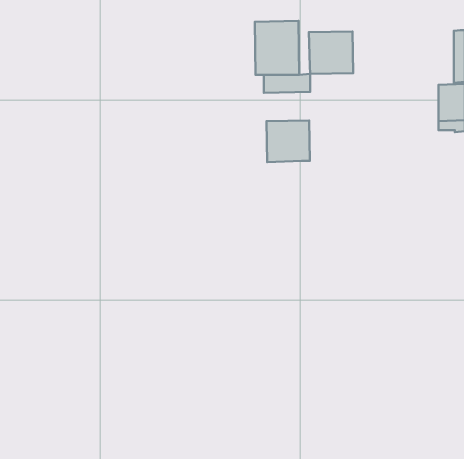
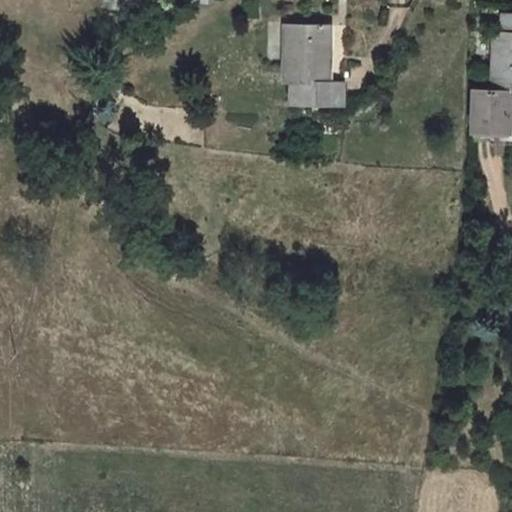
building: [309,31,353,74] -> none
building: [266,121,310,162] -> none

